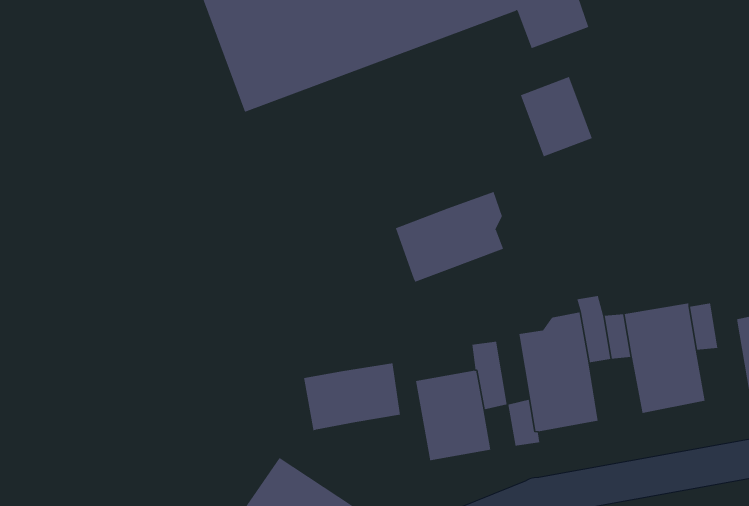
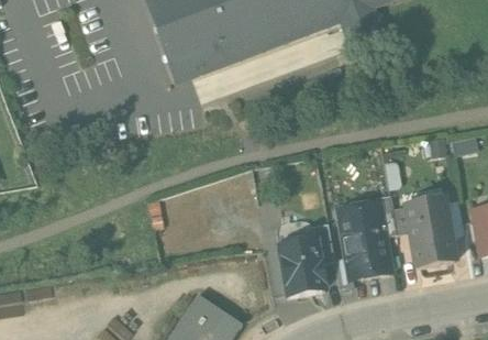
building: [520,76,593,157] -> none
building: [395,191,504,282] -> none
building: [304,363,401,431] -> none

